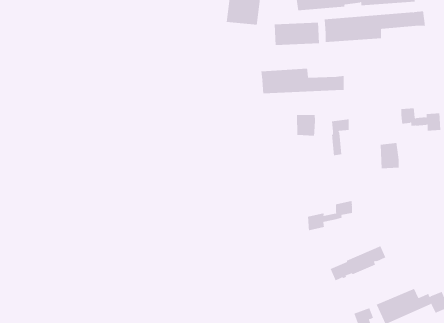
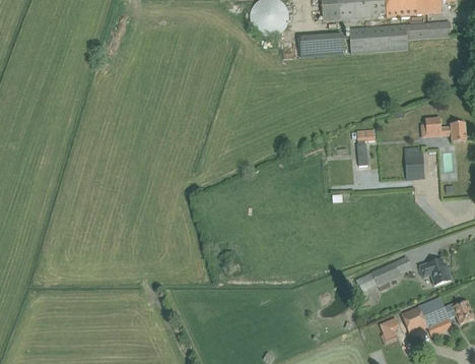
building: [261,68,344,94] -> none
building: [297,114,316,136] -> none
building: [308,200,352,231] -> none
building: none -> [418,257,452,284]

